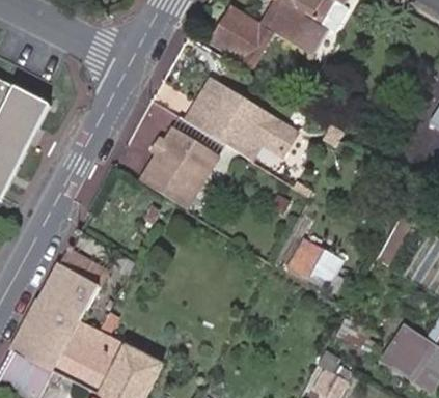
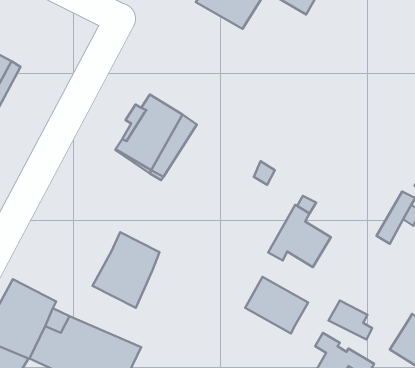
building: [179,76,291,162] -> none
building: [38,249,101,319] -> [92,232,159,308]
building: none -> [245,277,308,334]

